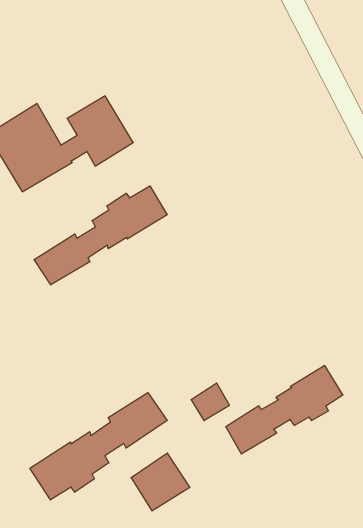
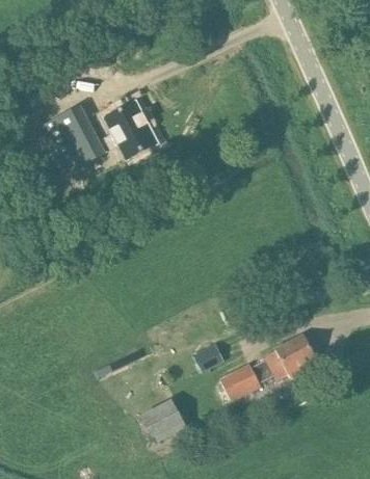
building: [34,186,167,285] -> none
building: [30,393,167,500] -> none

